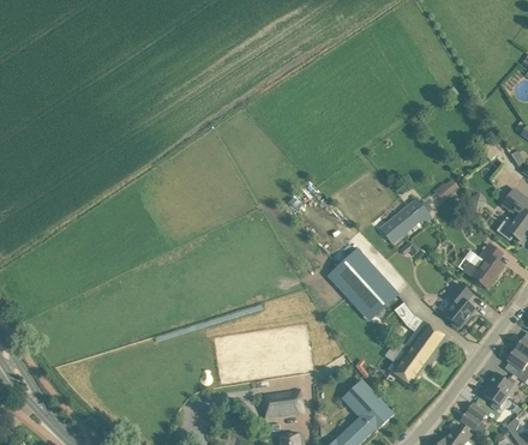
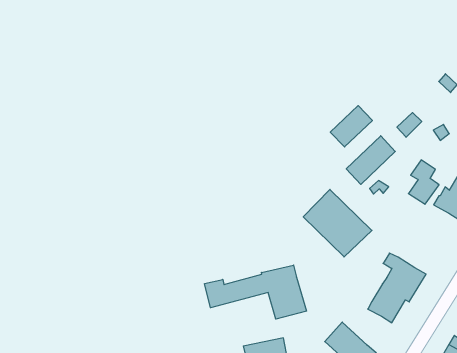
building: none -> [330,106,372,147]
building: [443,283,474,327] -> [408,160,439,204]
building: none -> [205,265,307,319]

